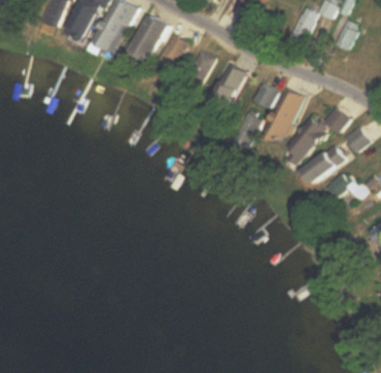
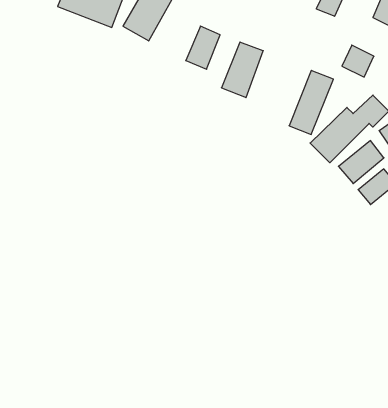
building: [154,35,179,67] -> none
building: [249,81,276,108] -> [342,45,374,77]

